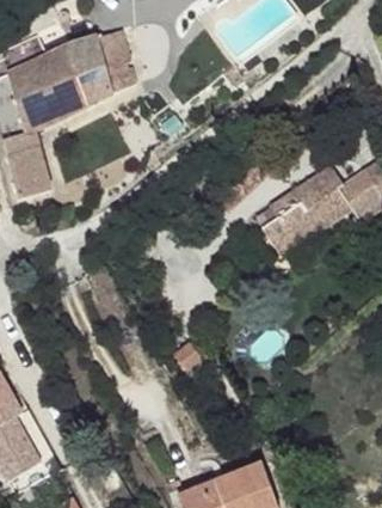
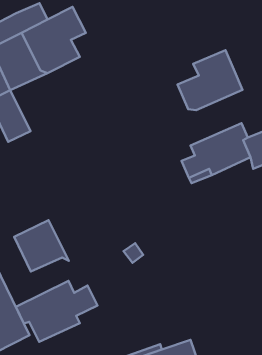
building: none -> [177,50,242,110]
building: none -> [14,220,69,272]
building: none -> [16,281,98,342]

